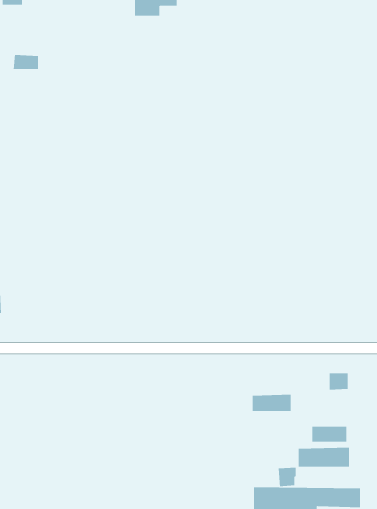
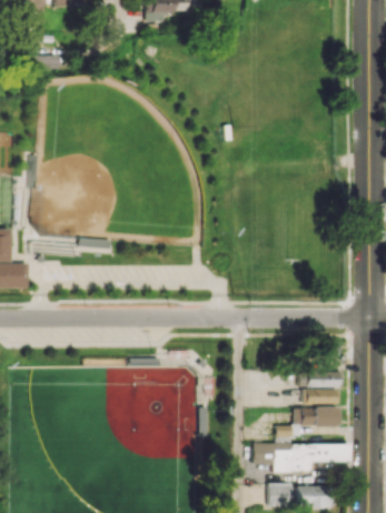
building: [252,394,291,412] -> [307,371,343,386]

